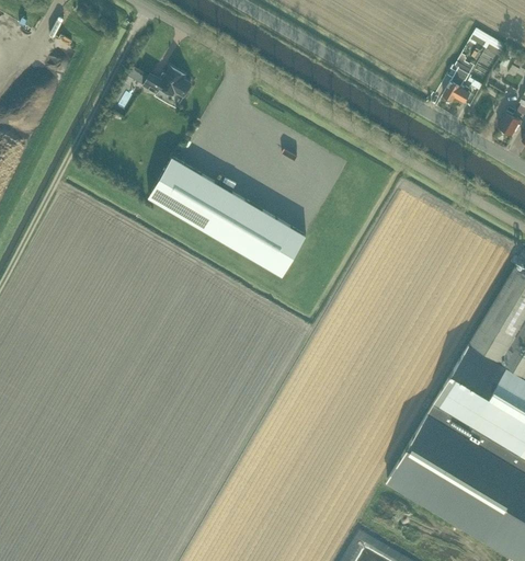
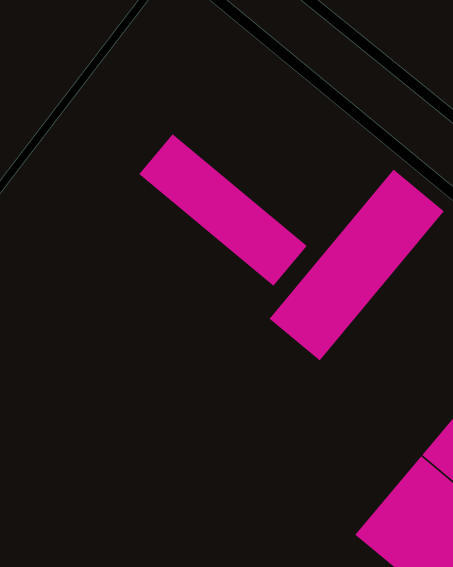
building: [144,67,193,99] -> none
building: none -> [269,169,445,361]

